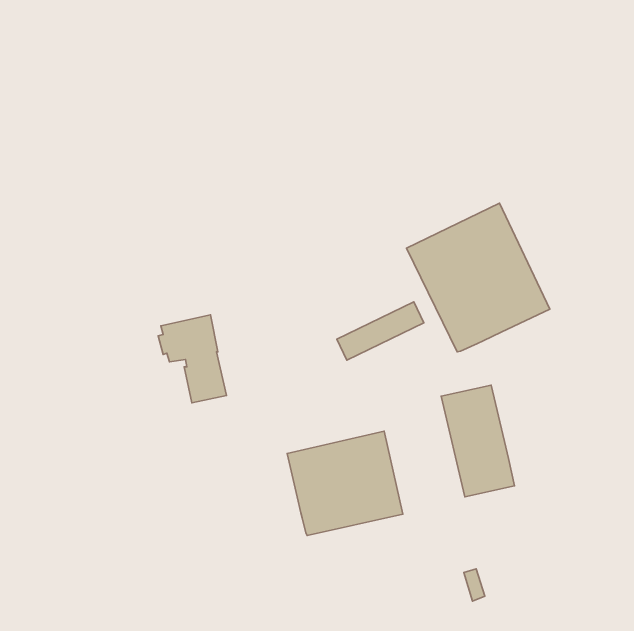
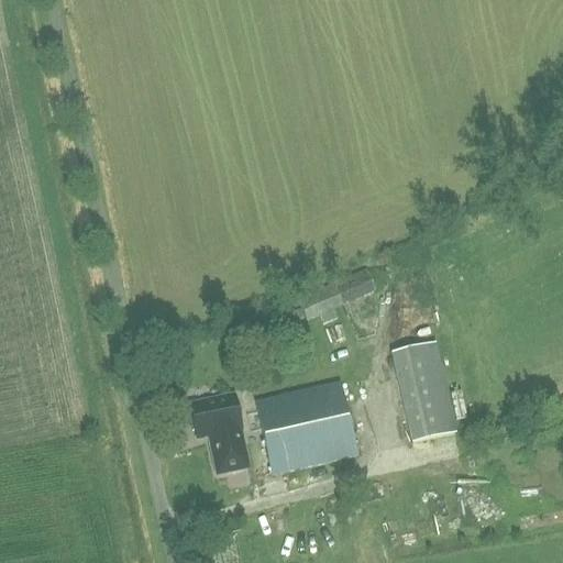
building: [407,203,550,352] -> none
building: [158,315,227,403] -> [188,395,249,473]

